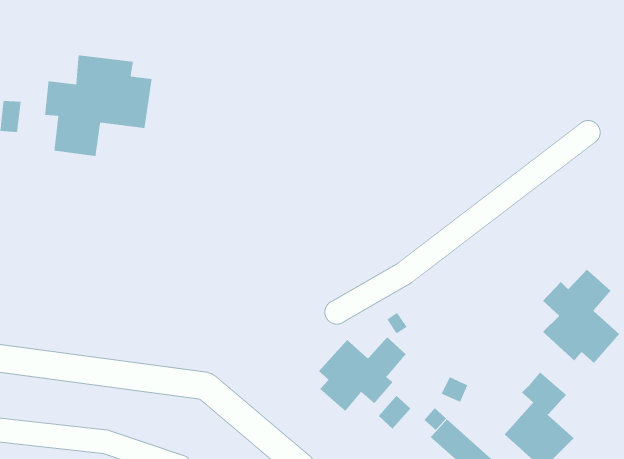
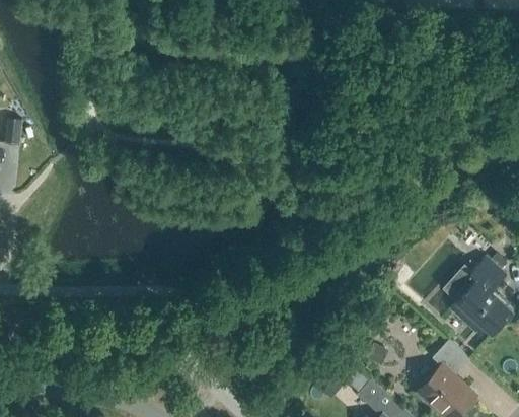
building: [44,55,152,157] -> none
building: [318,337,407,412] -> none

